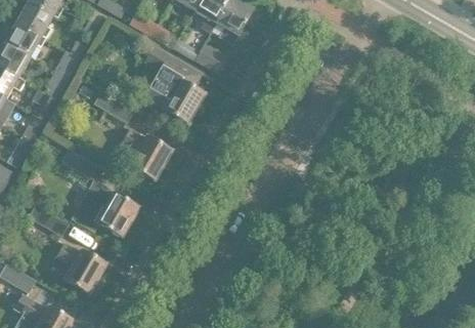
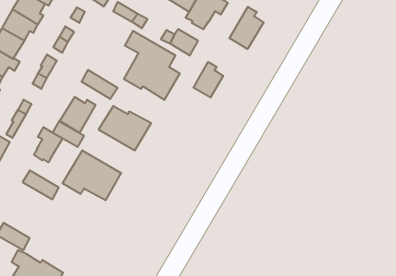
building: none -> [229,7,264,49]
building: none -> [193,62,223,97]
building: none -> [60,97,95,133]
building: none -> [34,127,62,162]
building: [56,244,106,294] -> none

